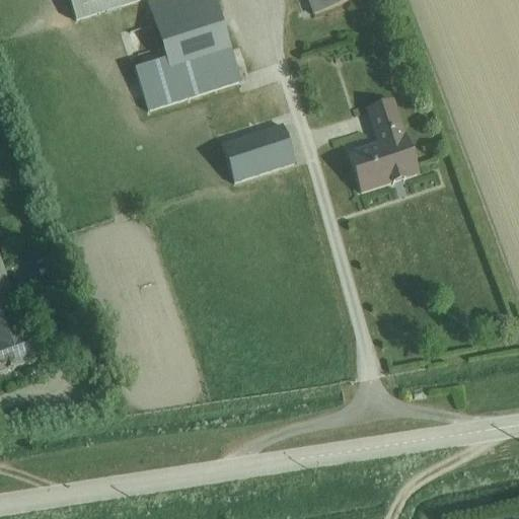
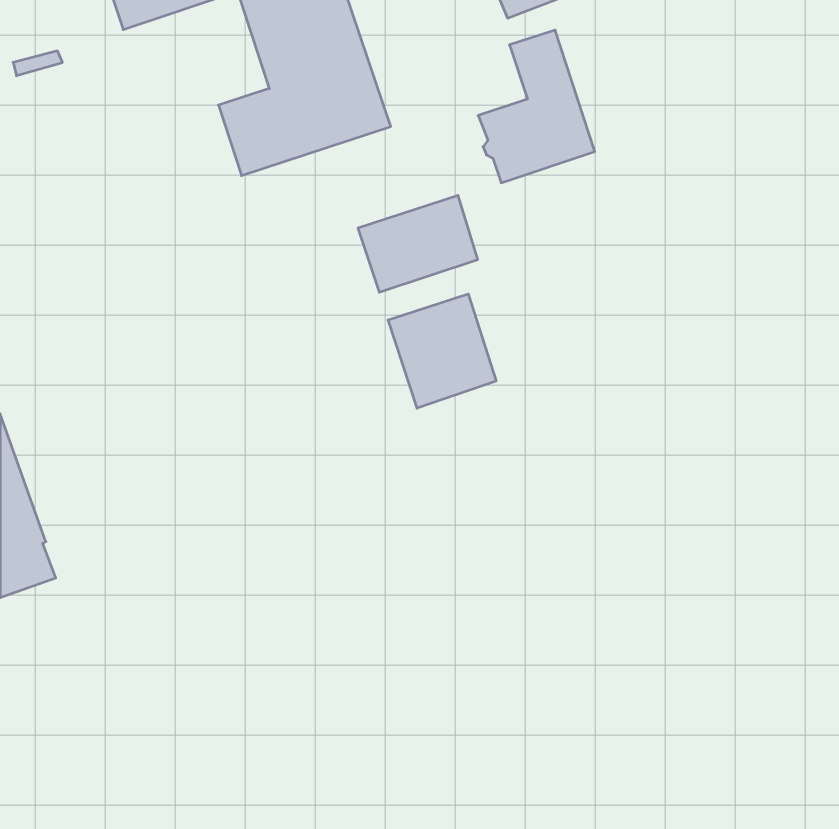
building: [347,96,419,191] -> [478,30,595,183]
building: none -> [388,294,496,408]

